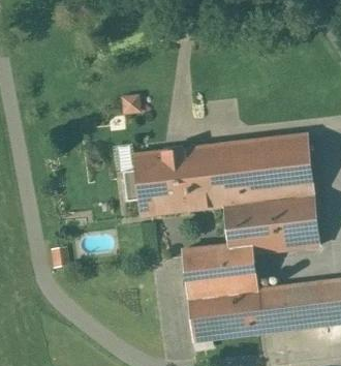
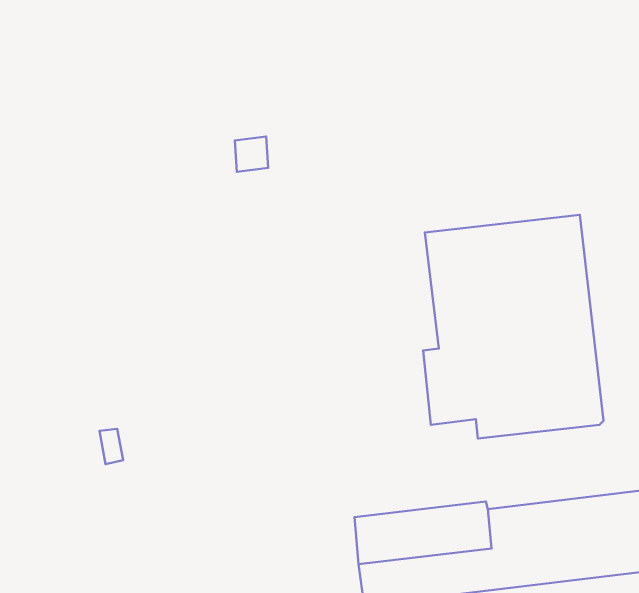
building: [123,145,232,216] -> none
building: [182,243,257,295] -> none

